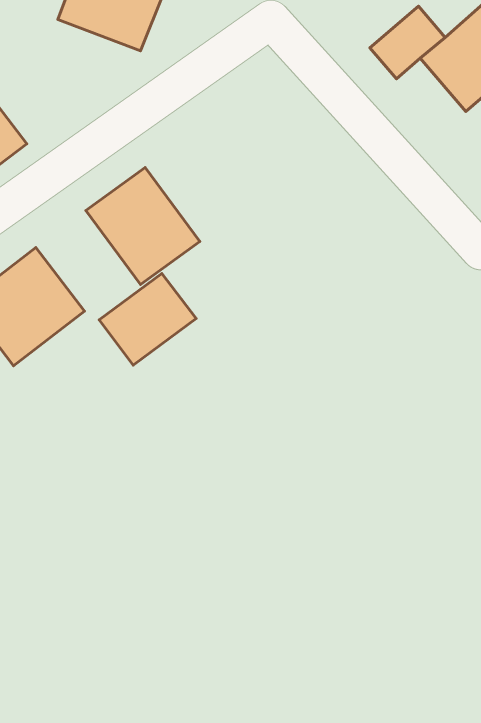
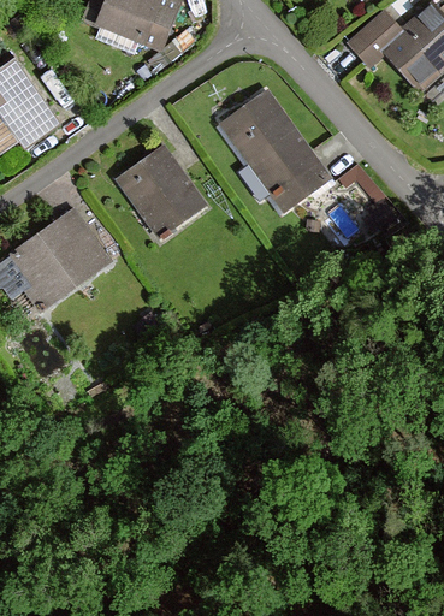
building: none -> [218,88,332,213]
building: [99,273,196,365] -> none

